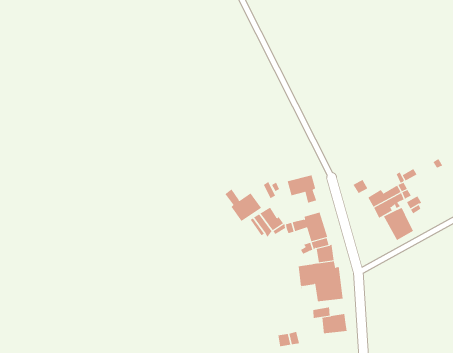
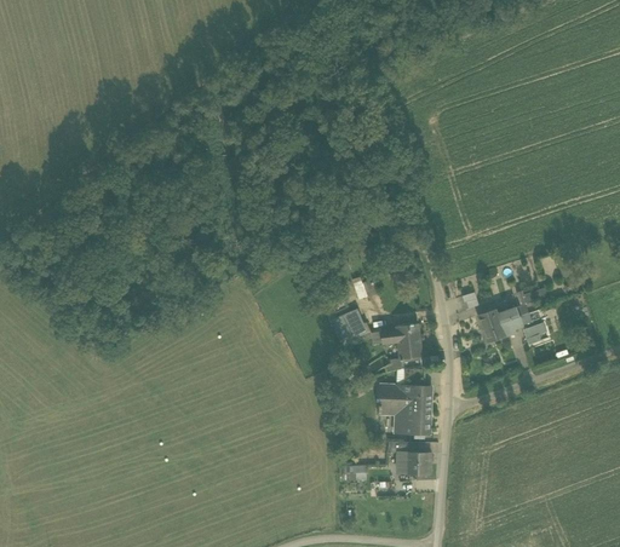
building: [287,174,317,204] -> none
building: [224,189,262,222] -> none
building: [383,207,414,241] -> none

